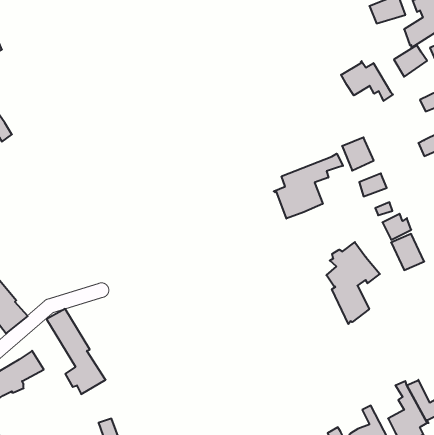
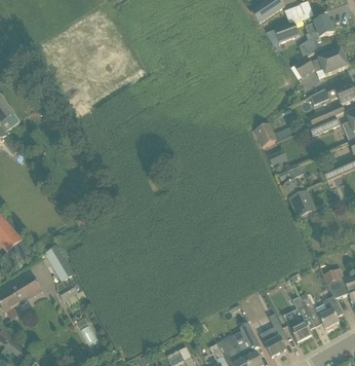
building: [341,61,393,101] -> none
building: [274,154,343,219] -> none
building: [326,242,380,324] -> none

